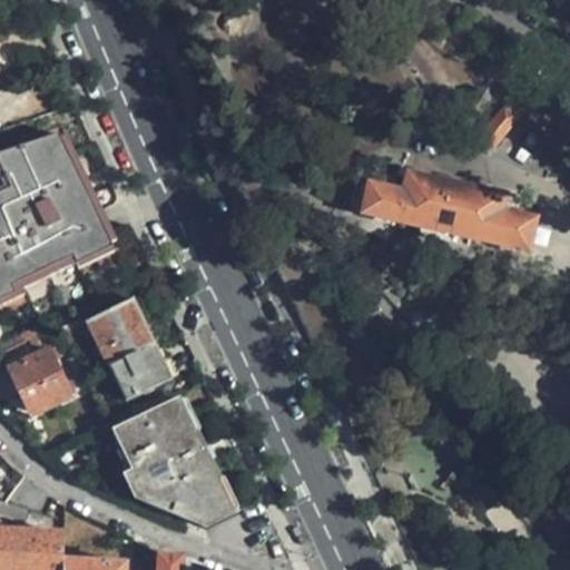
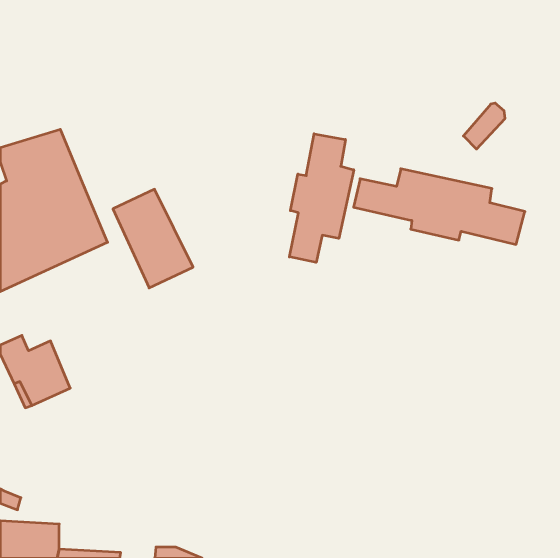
building: none -> [289,134,354,262]
building: [88,299,169,400] -> [113,189,193,288]
building: [114,399,232,523] -> none

